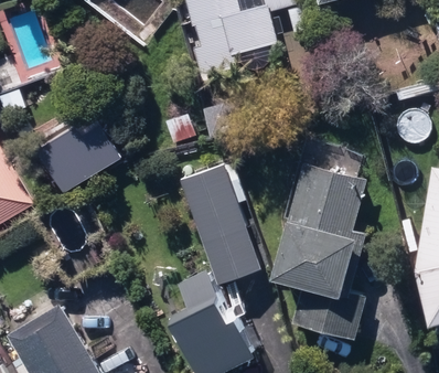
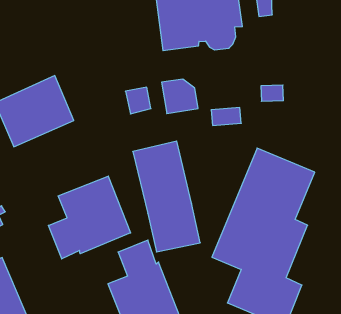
building: none -> [48,176,131,259]

